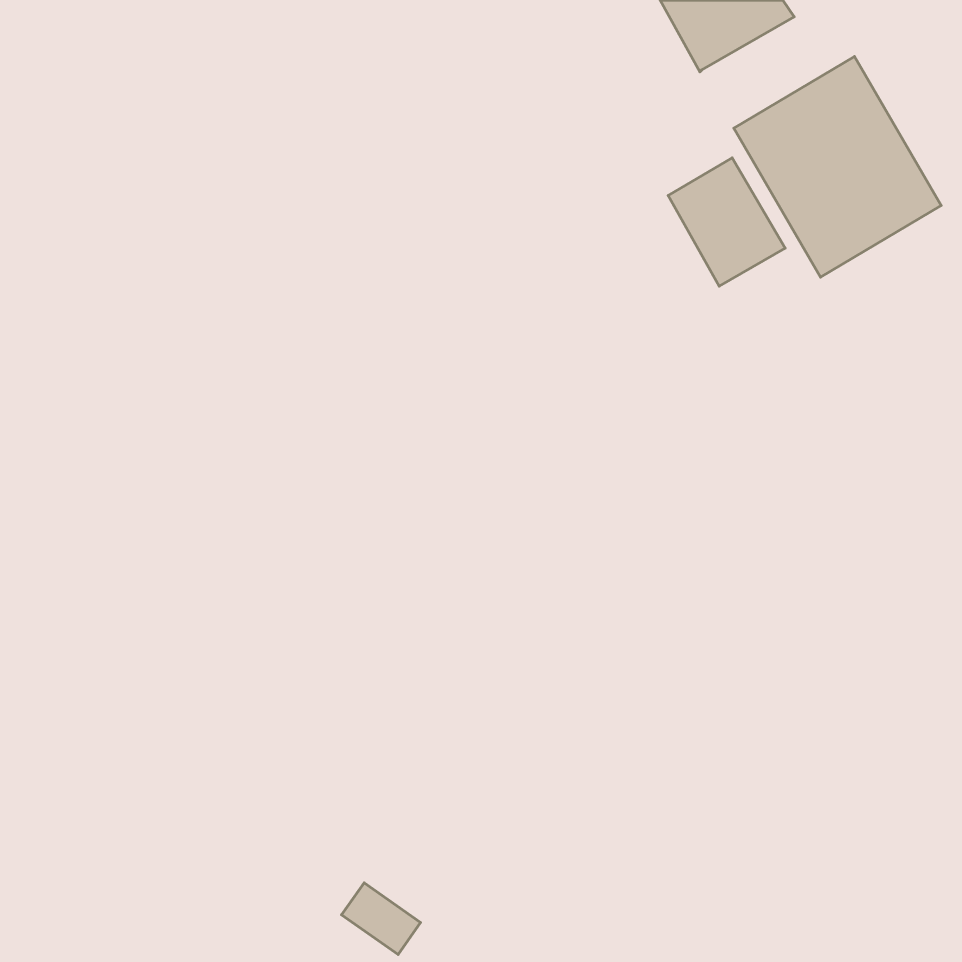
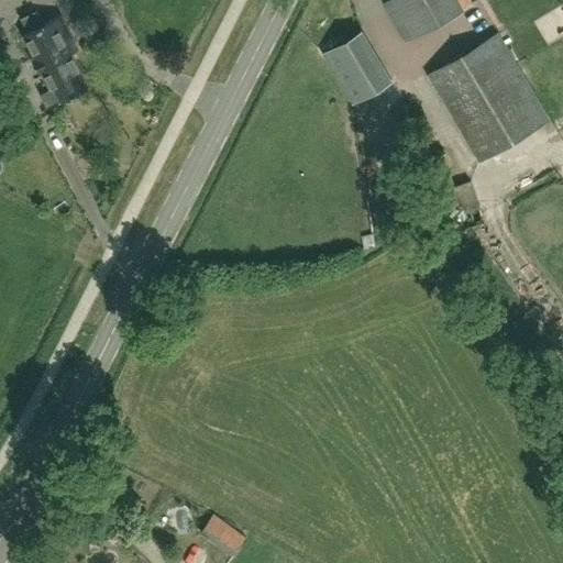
building: none -> [24,15,88,103]
building: [668,158,785,286] -> [323,30,391,104]

